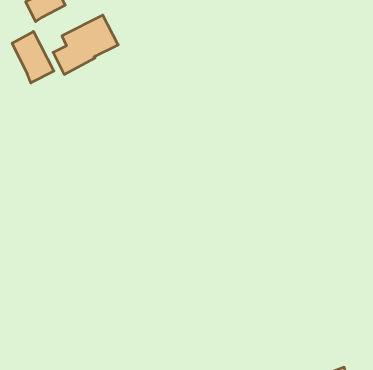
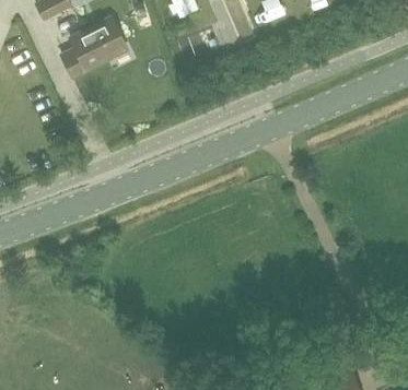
building: [12,31,54,83] -> none

